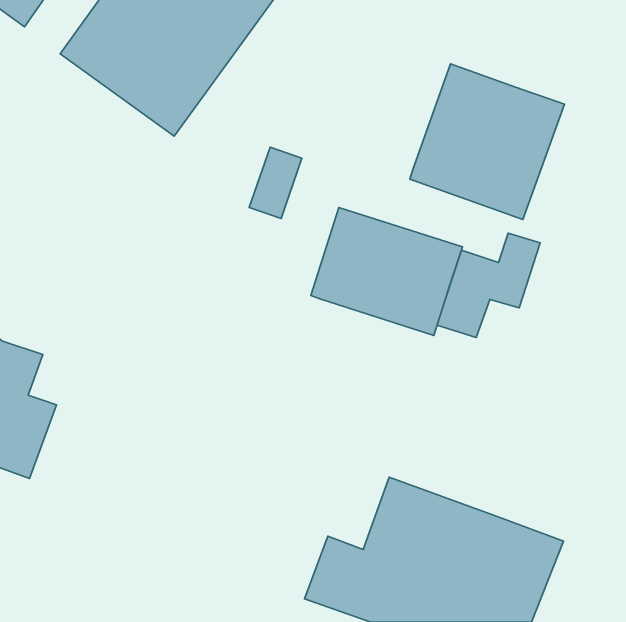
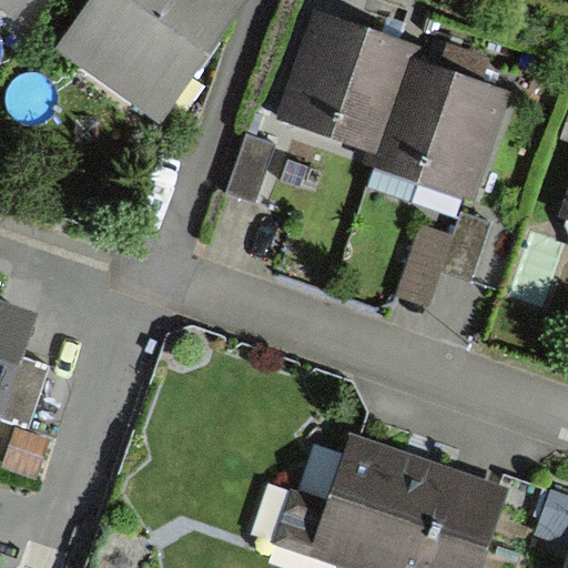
building: none -> [277,17,409,154]
building: [311,208,462,335] -> none

